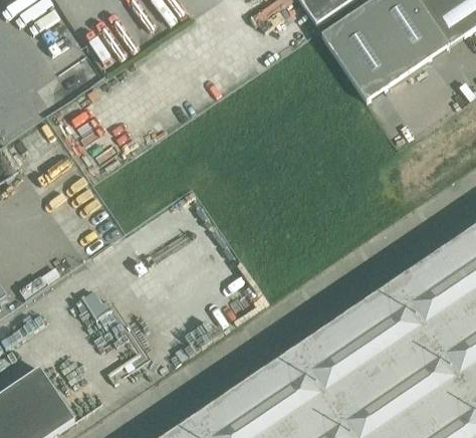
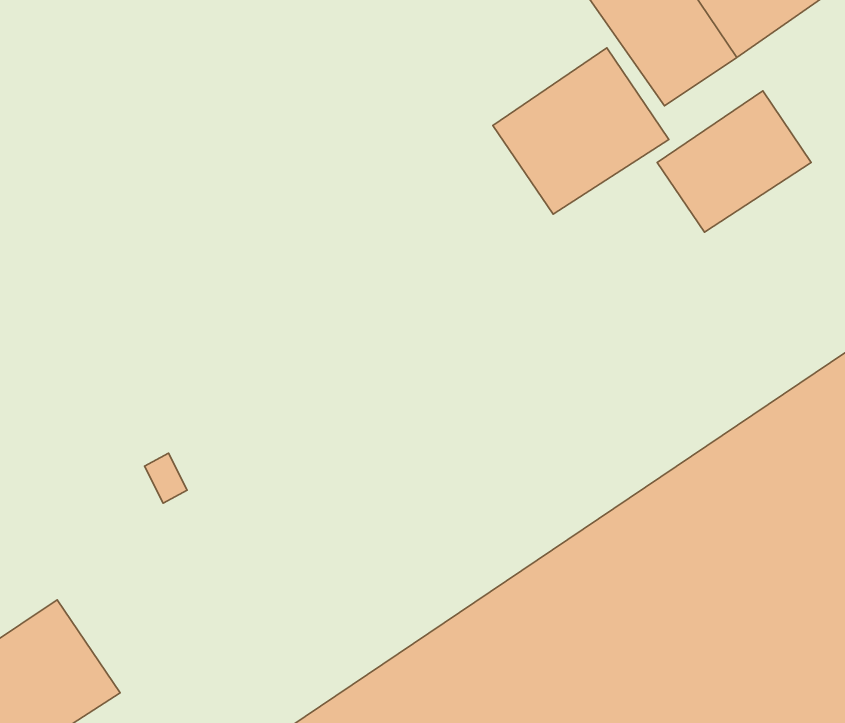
building: none -> [493,48,669,214]
building: none -> [657,91,811,232]

